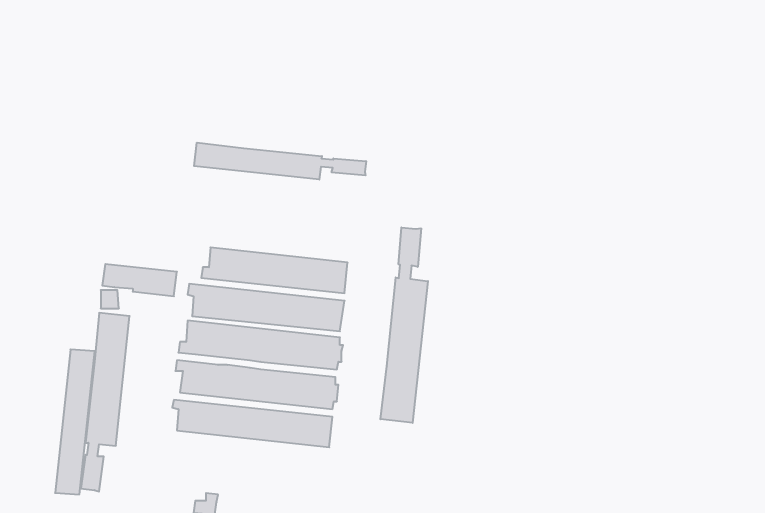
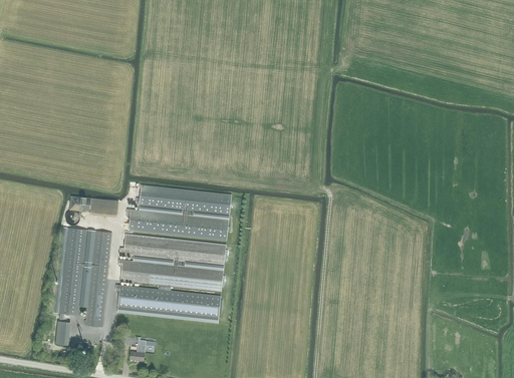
building: [194,143,366,180] -> none
building: [380,227,428,423] -> none
building: [55,349,95,494] -> [84,231,110,326]

